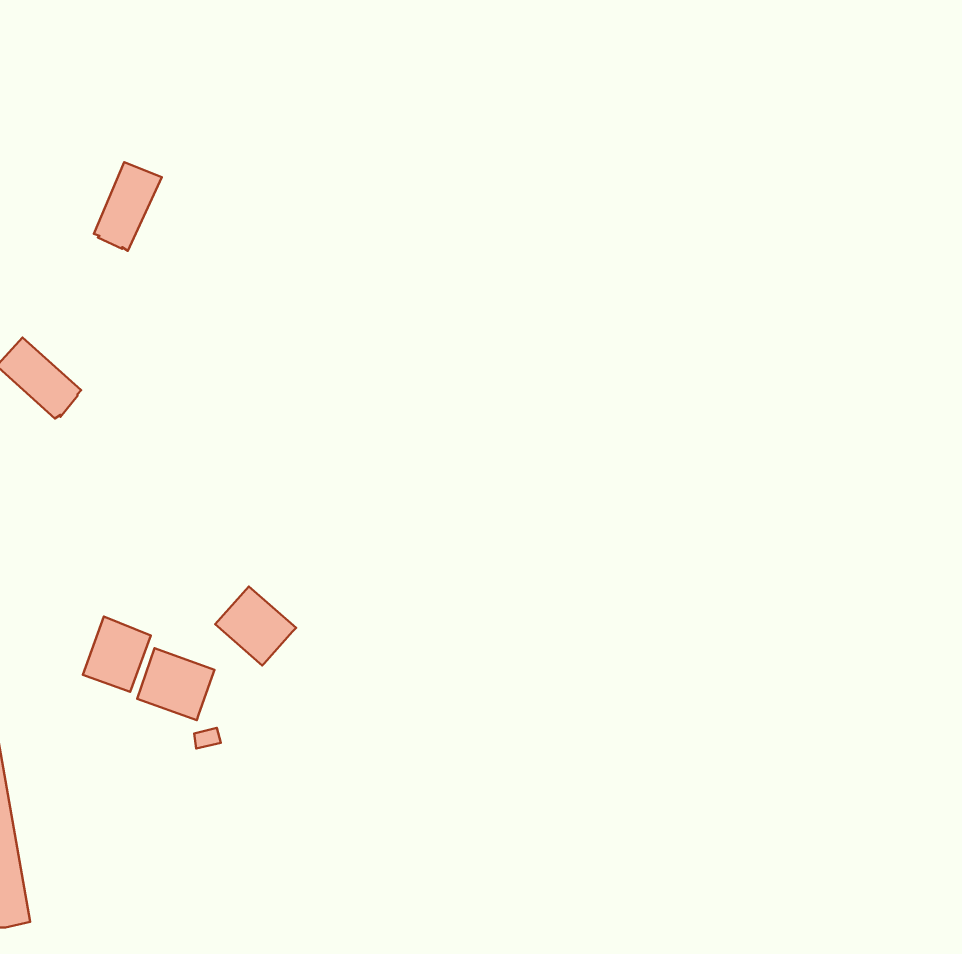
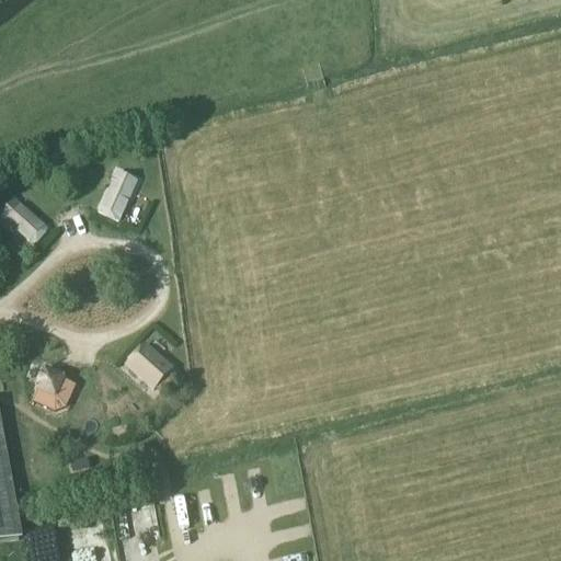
building: [94,162,162,251] -> [98,169,137,220]
building: [137,648,214,720] -> none

